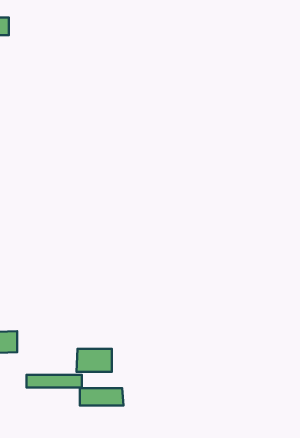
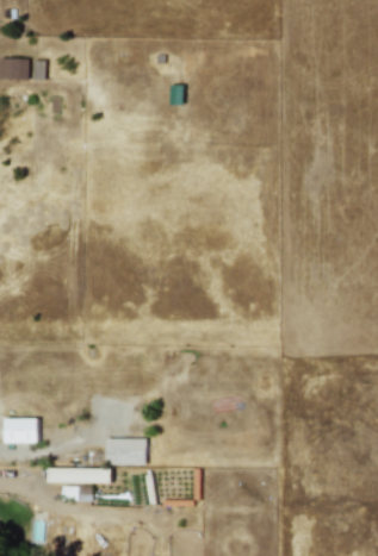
building: [80,388,123,405] -> none

